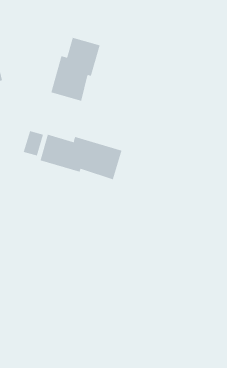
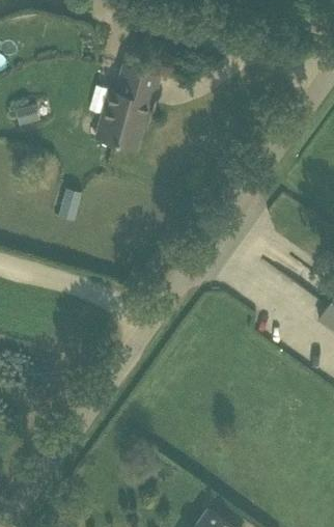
building: [40,134,122,180] -> none

